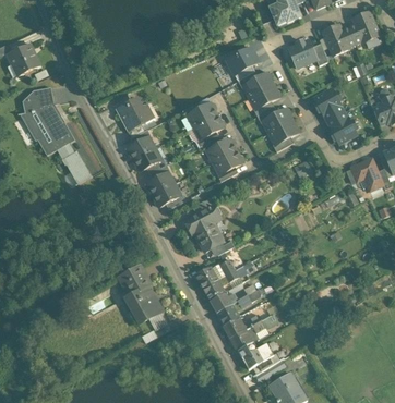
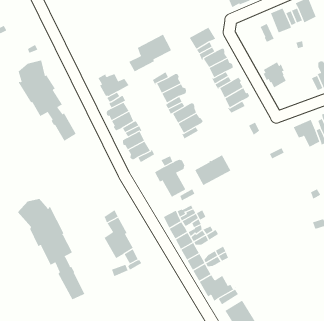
building: [288,39,316,68] -> none
building: [9,44,39,75] -> none
building: none -> [129,34,172,72]
building: [327,111,356,143] -> none
building: none -> [194,155,231,186]
building: none -> [17,198,91,300]

